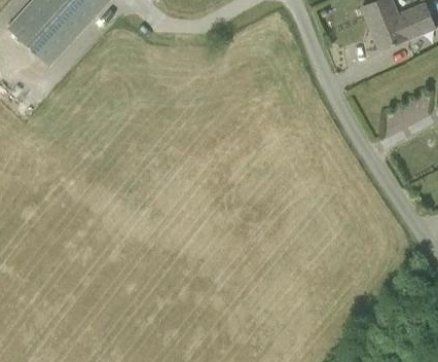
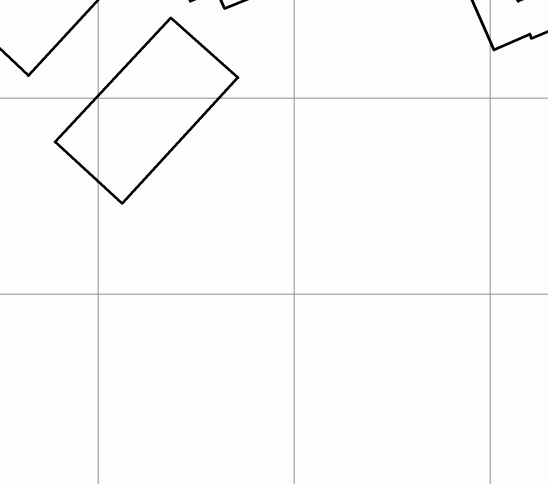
building: none -> [55,18,238,203]

